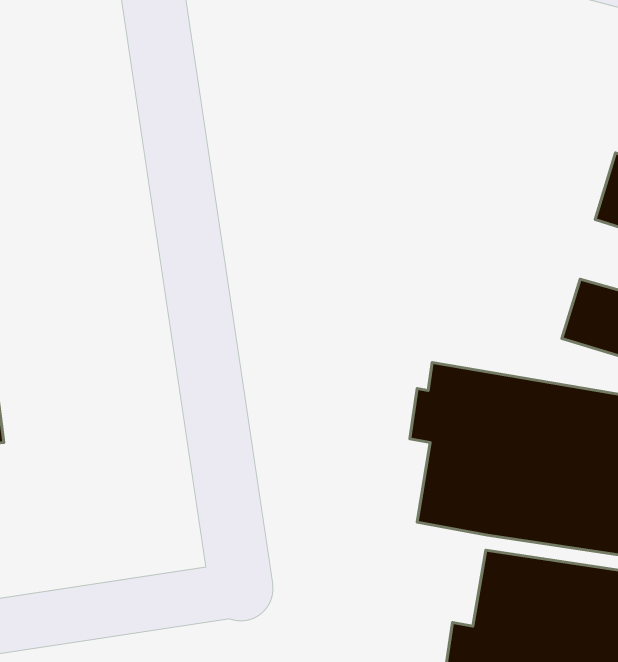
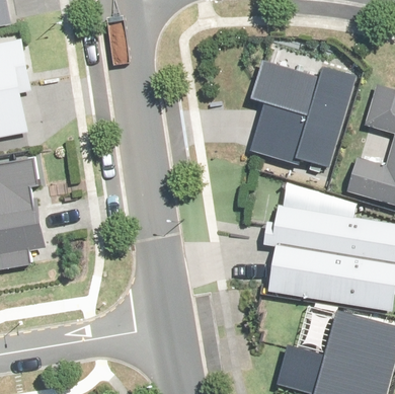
building: none -> [246,62,354,188]

